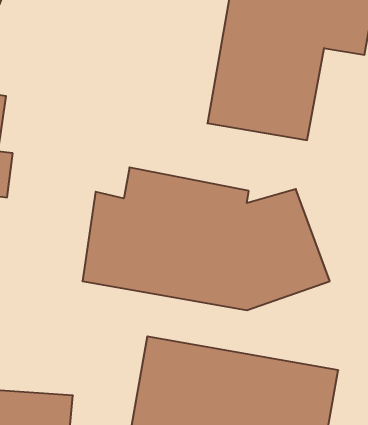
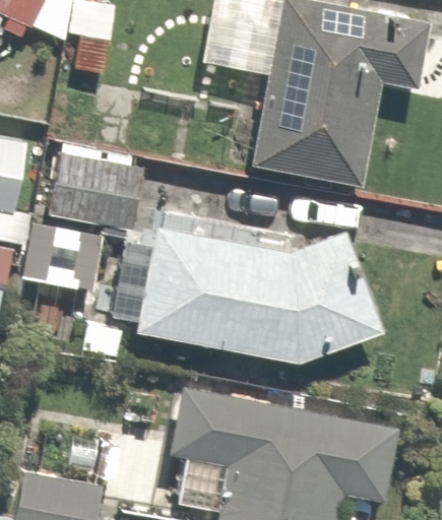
building: none -> [45,140,149,235]

